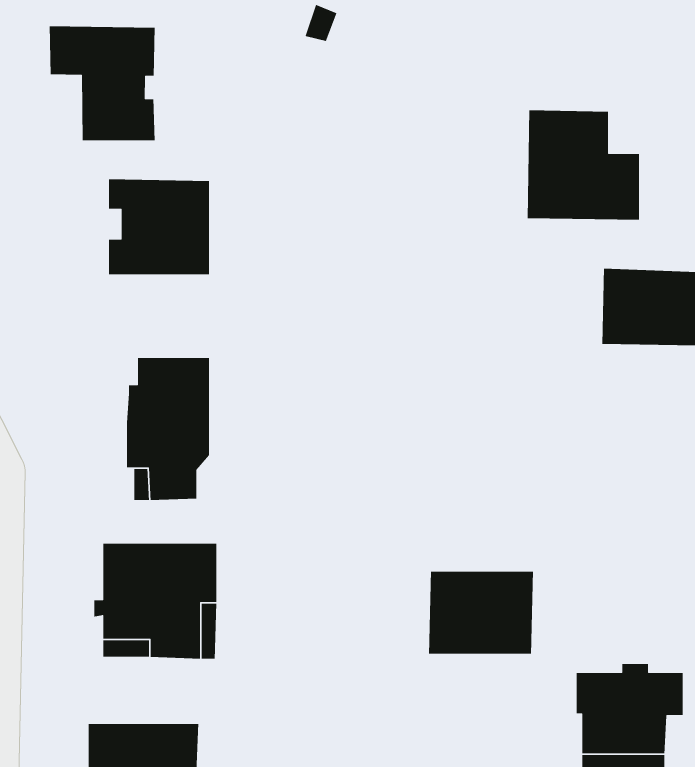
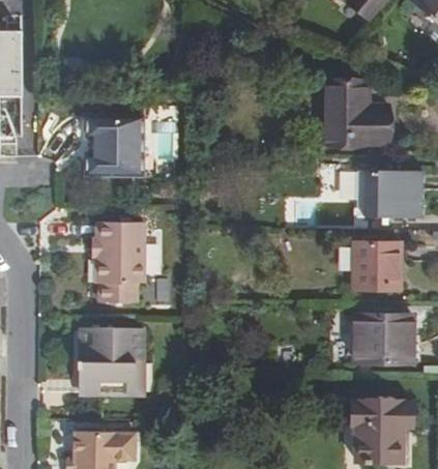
building: [49,25,155,141] -> none
building: none -> [353,244,401,290]
building: [428,571,534,655] -> [354,315,414,362]

